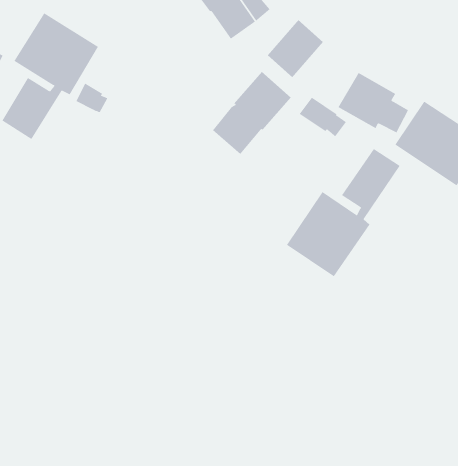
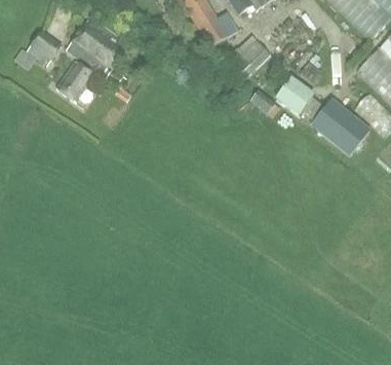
building: [212,71,292,155] -> none
building: [286,148,400,277] -> none

